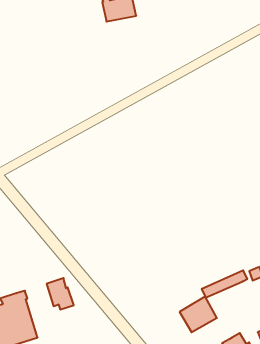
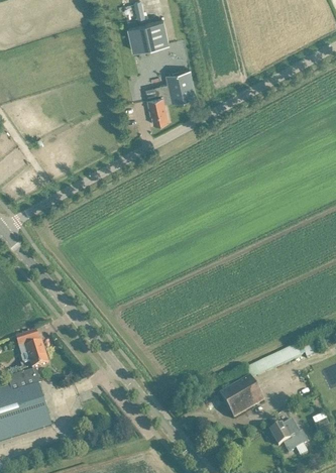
building: none -> [146,68,195,122]
building: [47,278,74,309] -> [15,330,47,367]

